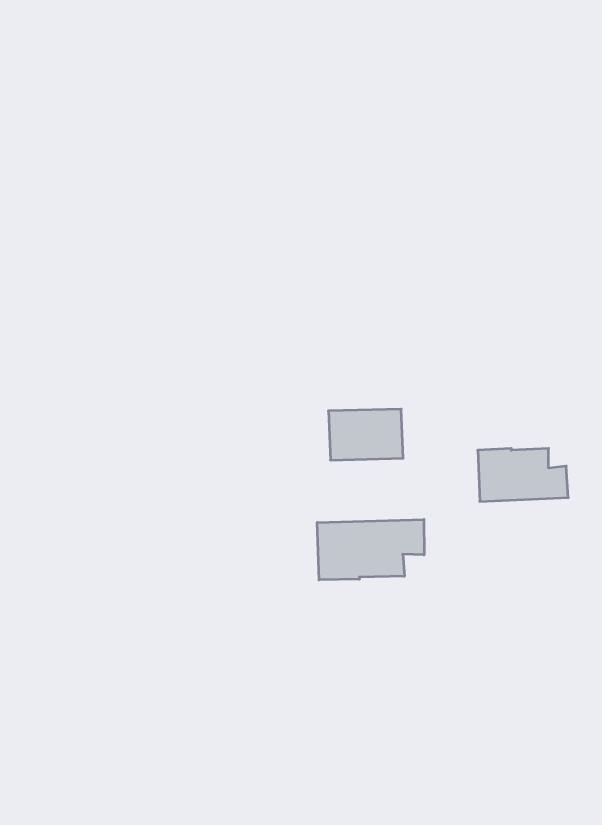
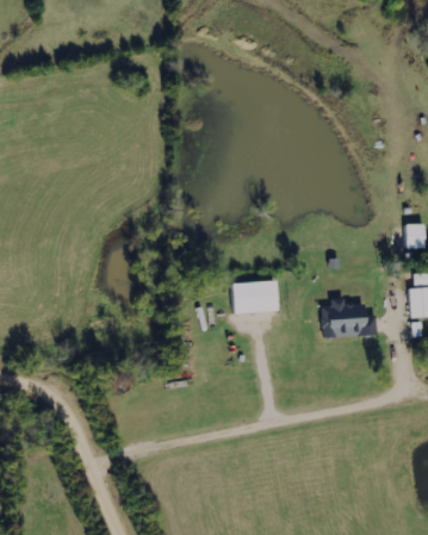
building: [317,519,424,580] -> none

